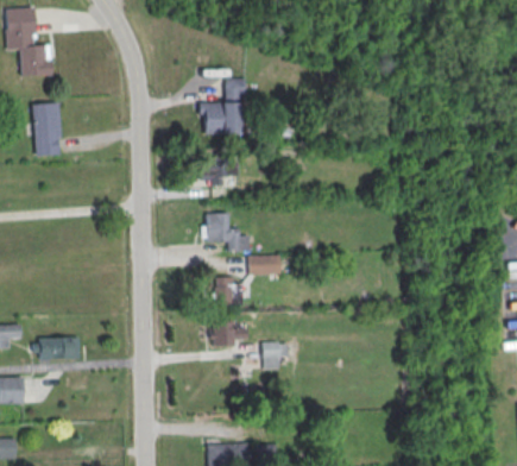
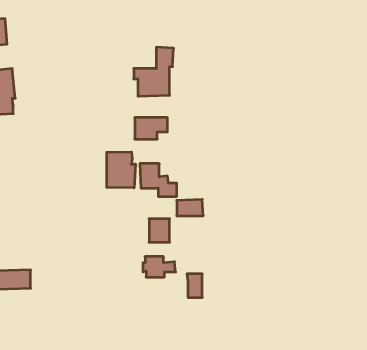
building: none -> [107,152,135,188]

